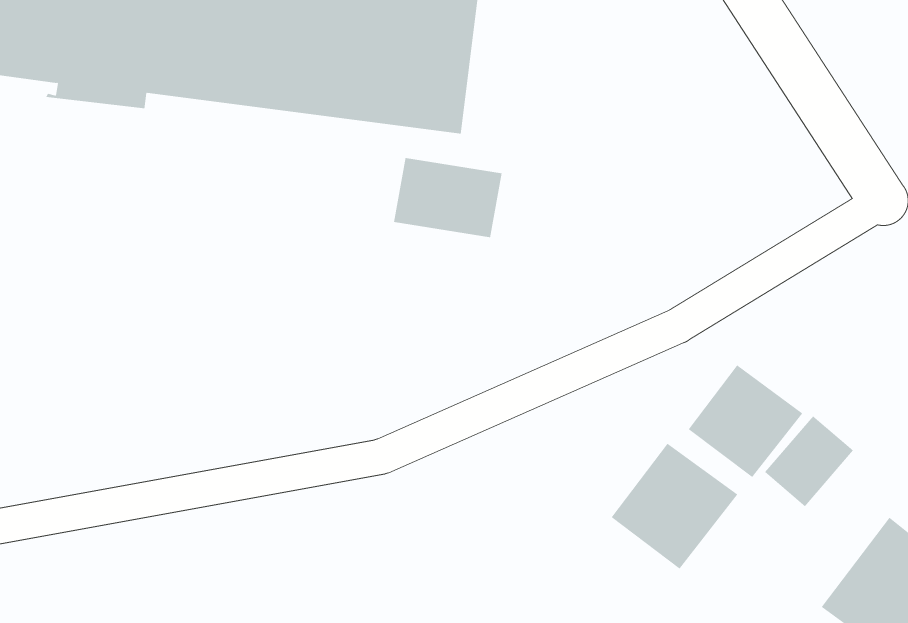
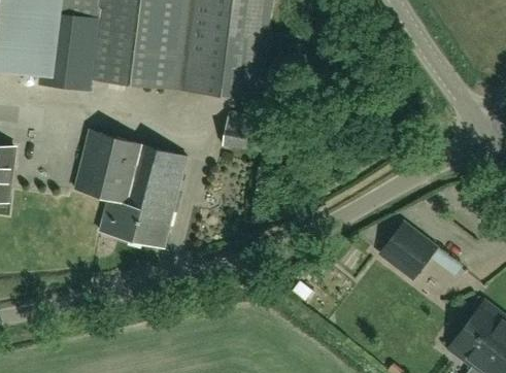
building: none -> [74,131,189,247]
building: [611,443,738,570] -> none

